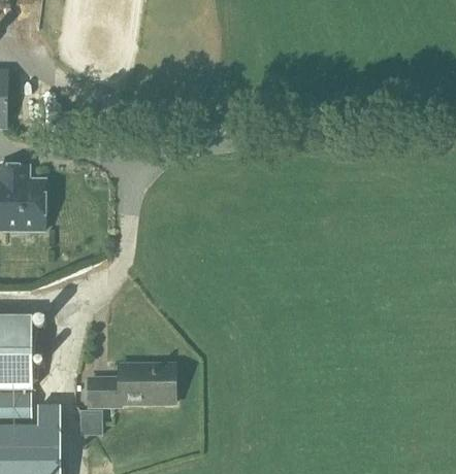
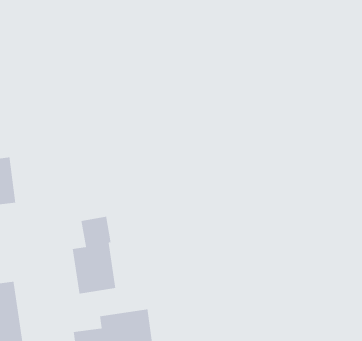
building: none -> [72,216,116,295]

